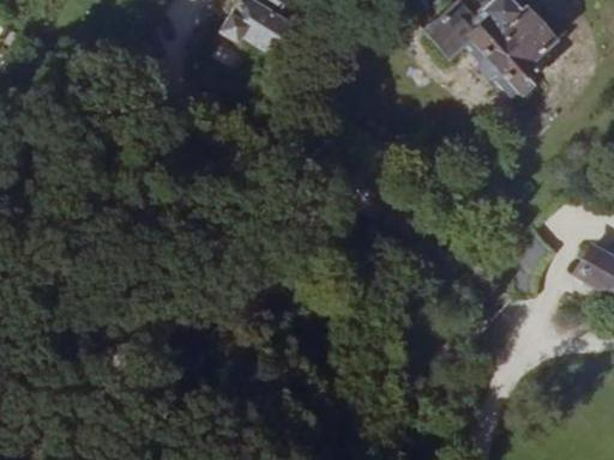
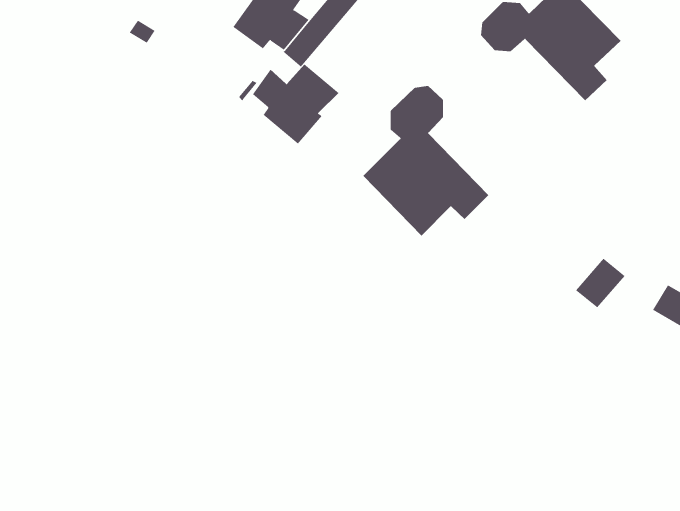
building: none -> [252,63,339,145]
building: none -> [362,85,489,236]

